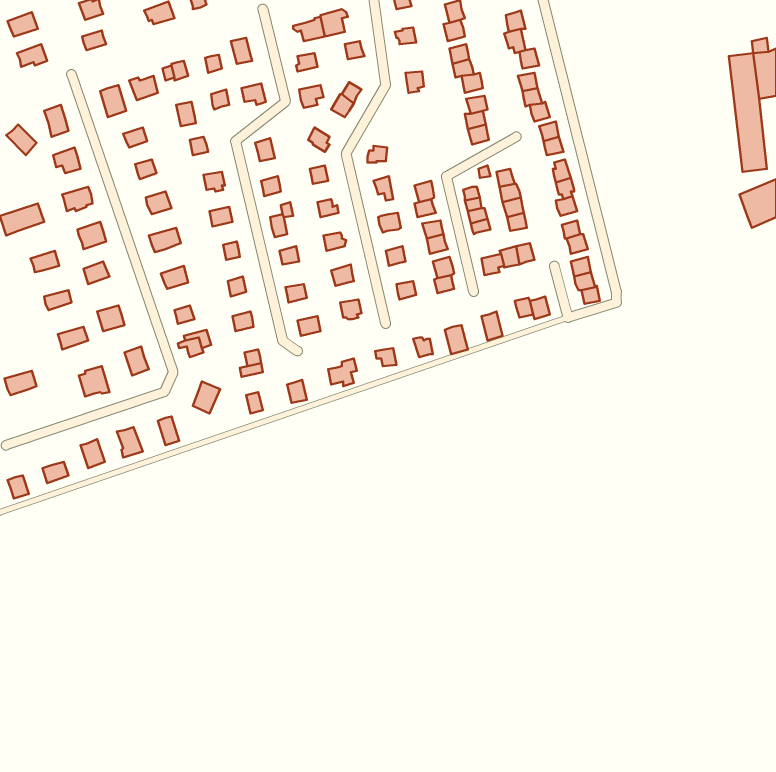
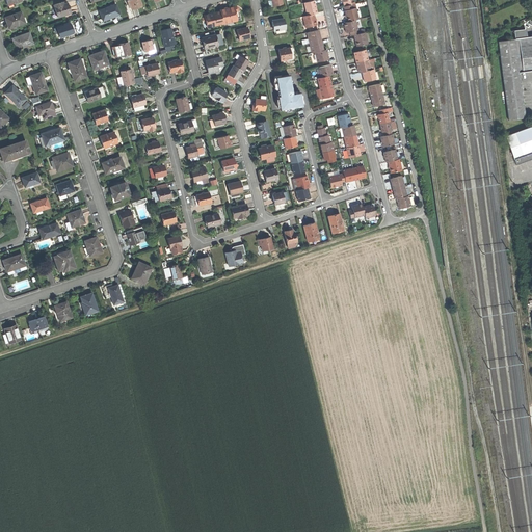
building: none -> [275,76,301,111]

